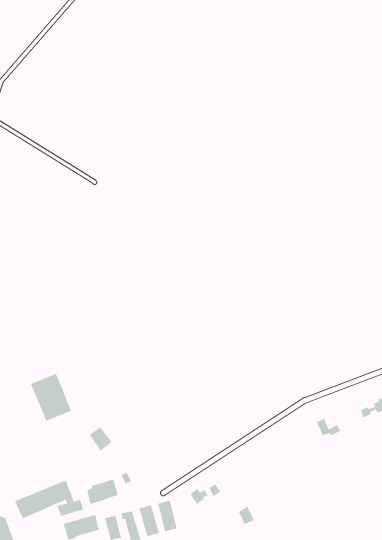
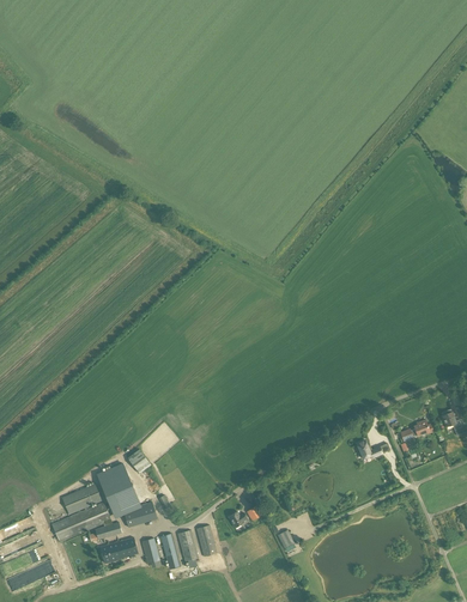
building: [30,373,72,422] -> [96,463,138,512]
building: none -> [61,484,101,515]

